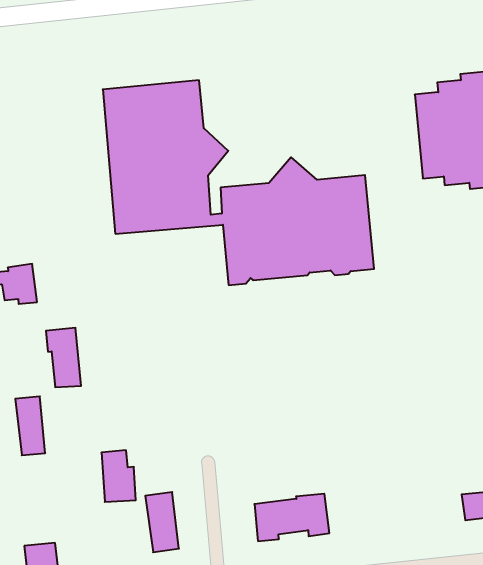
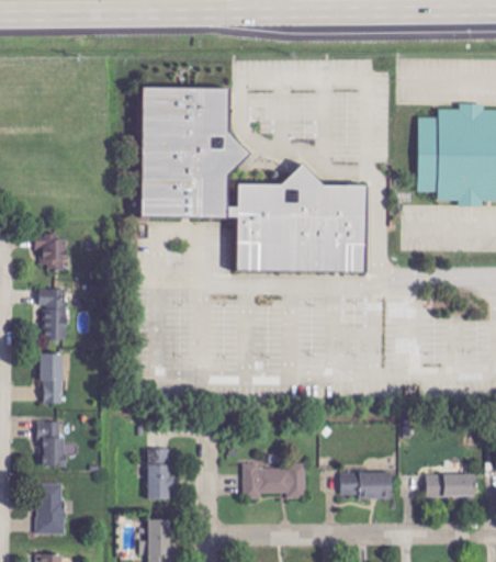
building: [46,328,81,387] -> [38,289,65,340]
building: [101,450,136,502] -> [36,423,65,468]
building: none -> [340,473,391,501]

